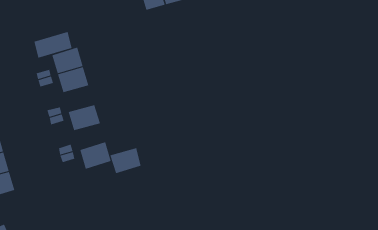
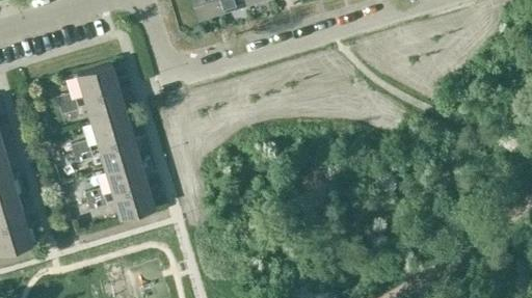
building: [34,31,72,59] -> none
building: none -> [92,112,133,145]
building: [110,148,142,174] -> [106,160,147,193]

